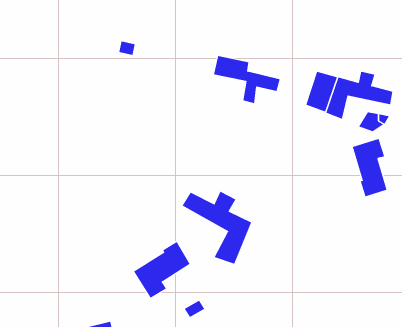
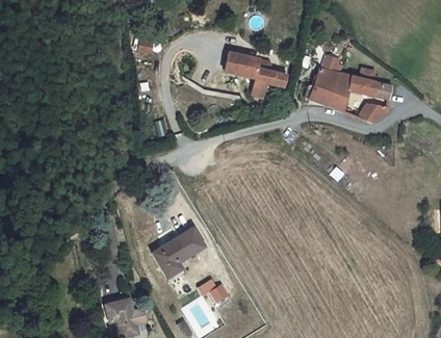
building: [352,138,387,197] -> none
building: [182,191,252,265] -> none

